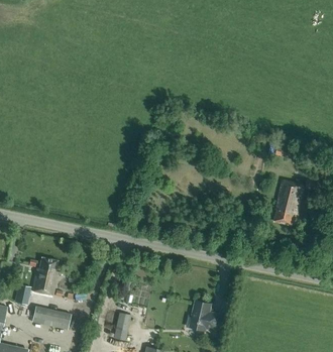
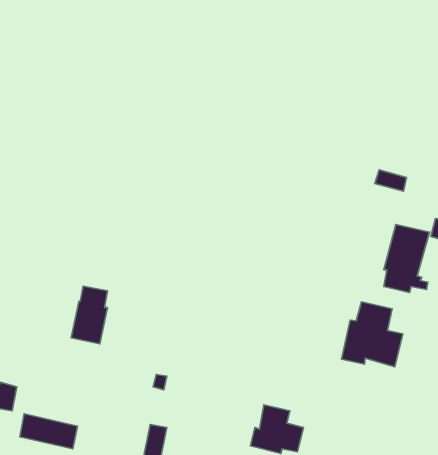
building: none -> [341,302,403,367]
building: [32,257,57,296] -> [71,286,108,344]

